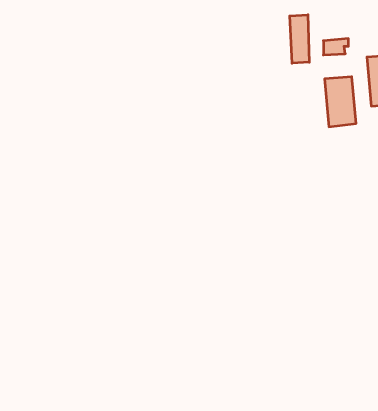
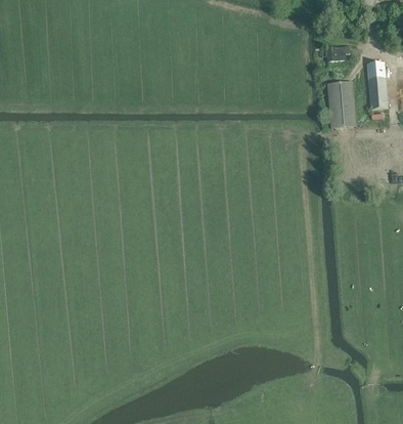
building: [290,15,309,63] -> none

